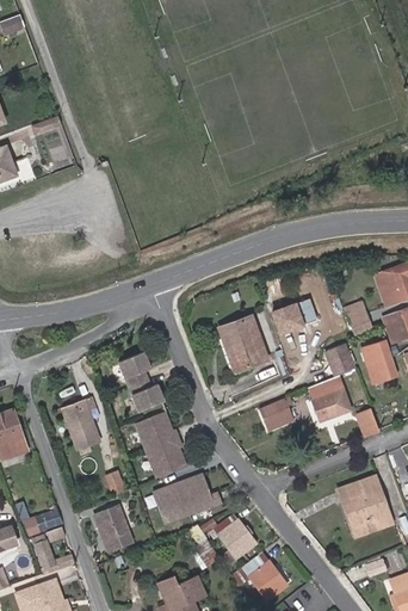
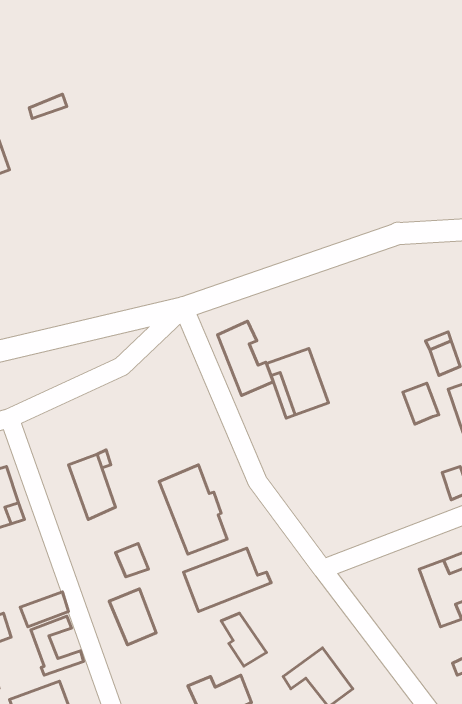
building: [280,298,317,331] -> none
building: [119,352,163,411] -> [217,321,273,395]
building: [308,370,352,421] -> none
building: [259,399,291,431] -> none
building: [209,514,255,557] -> none

